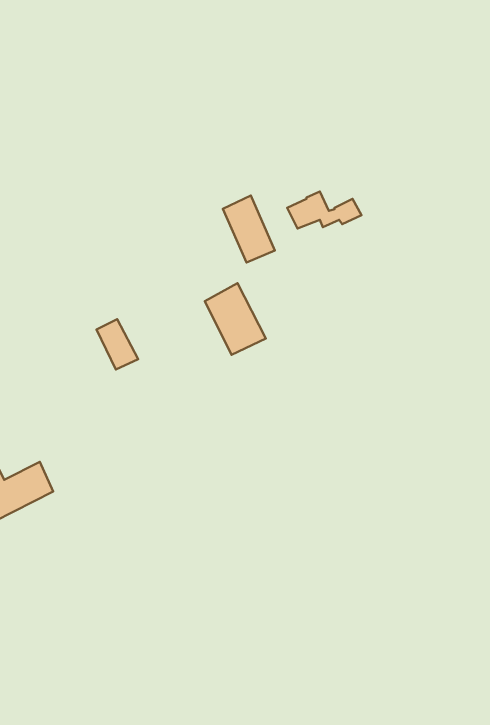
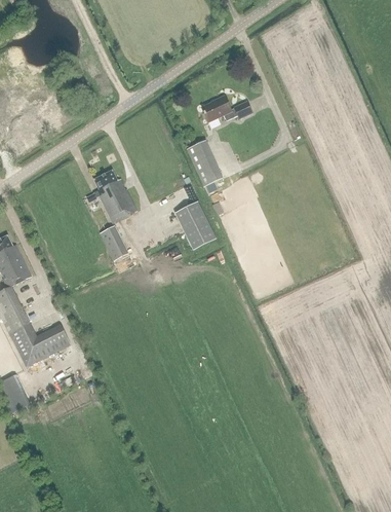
building: [287,191,361,229] -> [201,96,252,121]
building: none -> [86,170,135,223]

